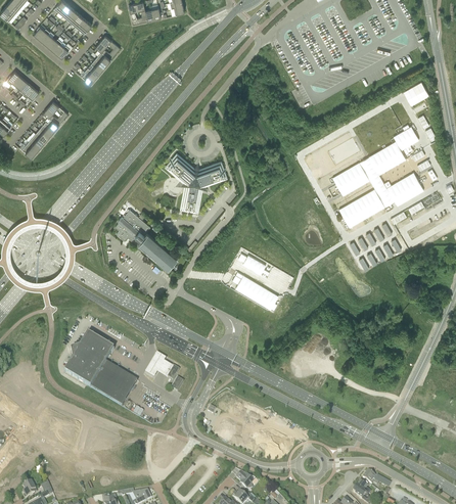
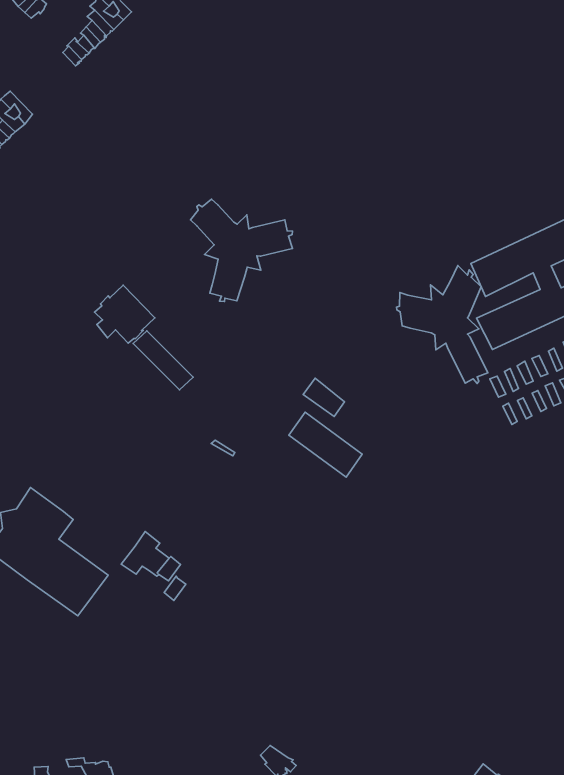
building: none -> [396,265,488,384]

